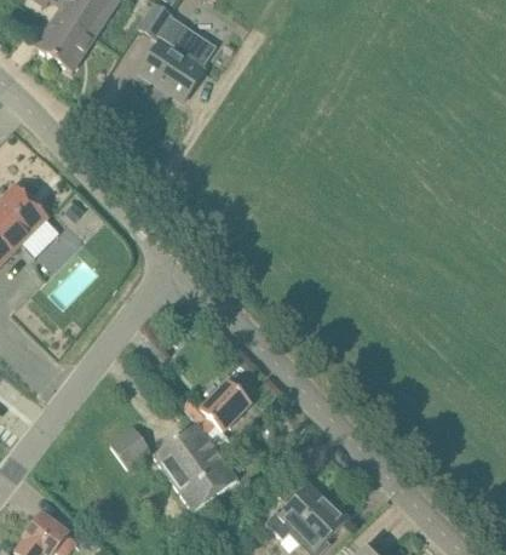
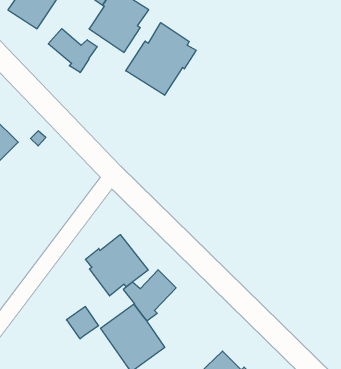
building: none -> [126,23,196,95]
building: none -> [48,29,97,73]
building: none -> [85,235,148,296]

